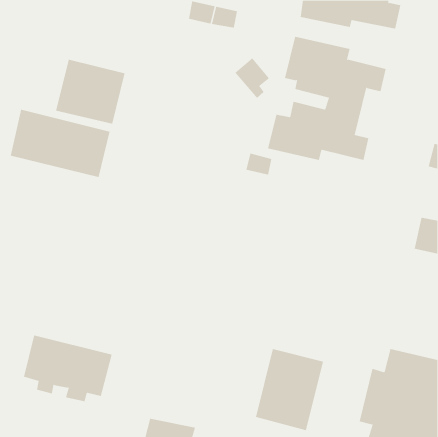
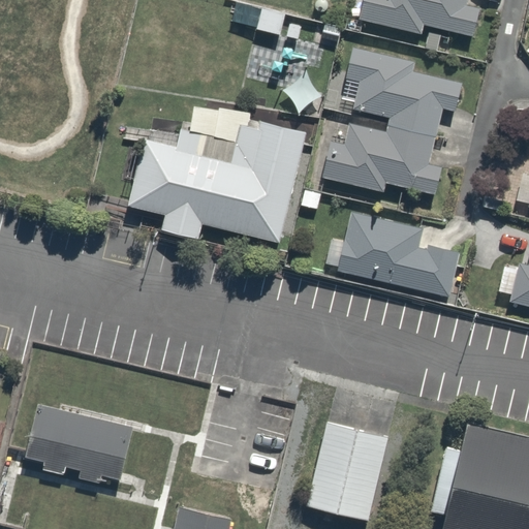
building: [55,59,125,124] -> none
building: none -> [130,103,312,243]
building: [10,109,110,178] -> none
building: none -> [340,212,457,294]

